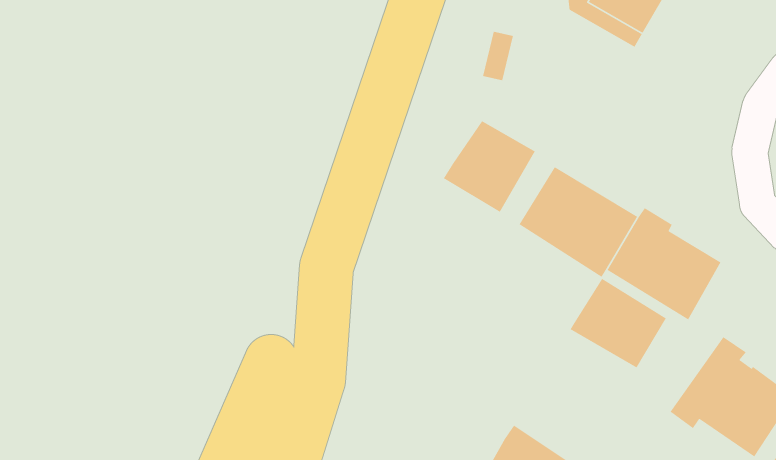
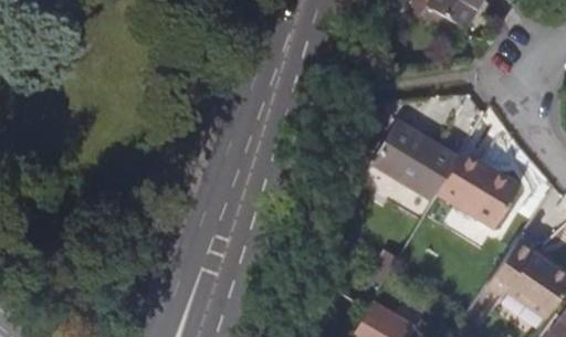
building: [443,120,536,213] -> none
building: [569,278,667,368] -> none

